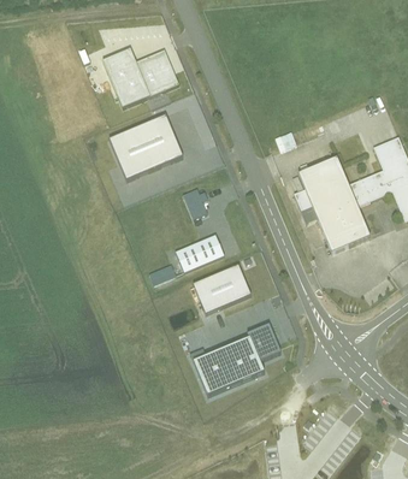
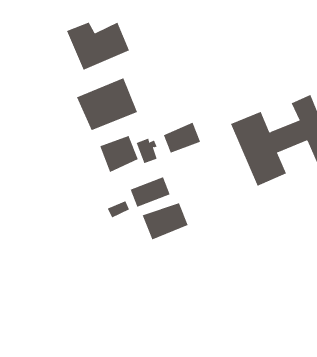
building: none -> [163,122,201,154]
building: none -> [100,135,138,173]
building: [189,323,283,396] -> none

